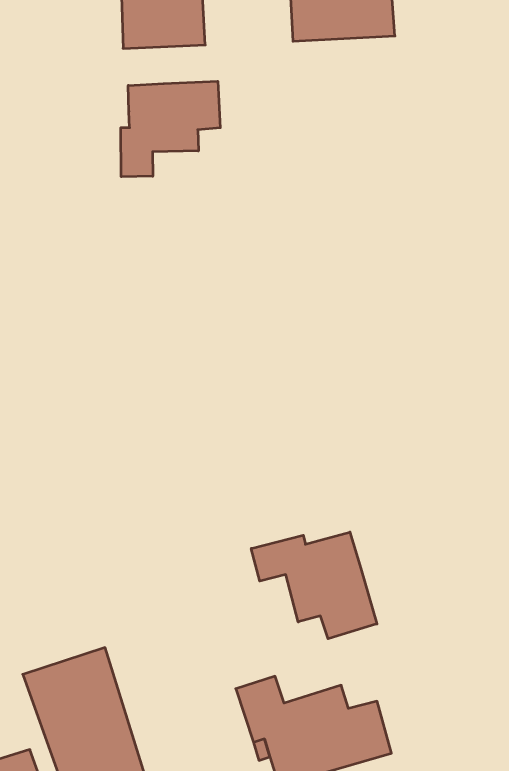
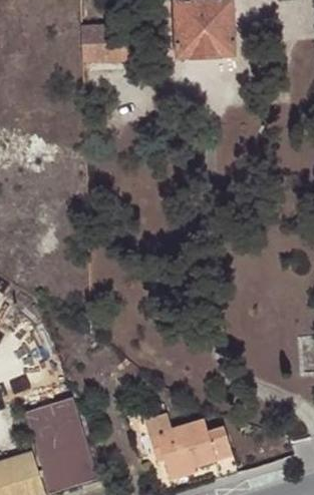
building: [121,81,220,177] -> none
building: [251,532,377,639] -> none

